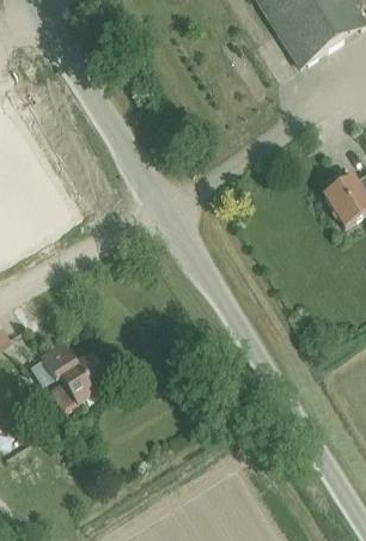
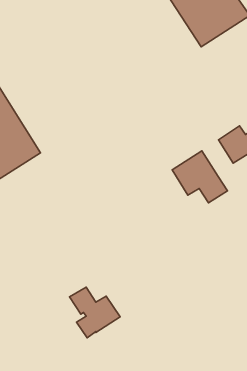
building: none -> [172,151,227,203]
building: [42,341,111,411] -> [70,287,120,338]

